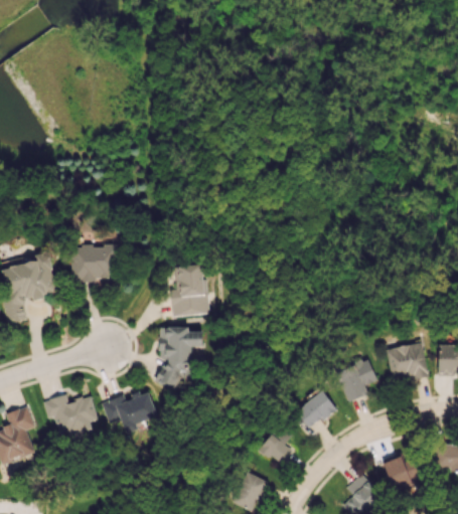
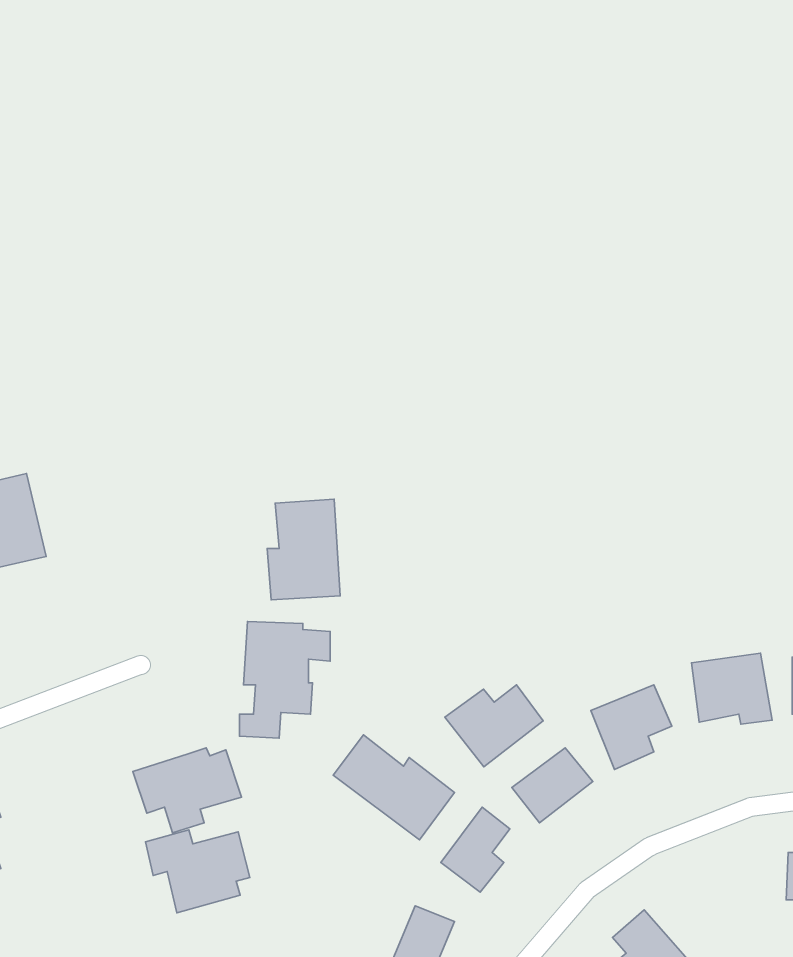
building: [71,245,117,281] -> none
building: none -> [445,685,543,767]
building: none -> [333,735,454,840]
building: [43,395,97,438] -> [145,830,250,913]
building: [383,456,426,491] -> none

